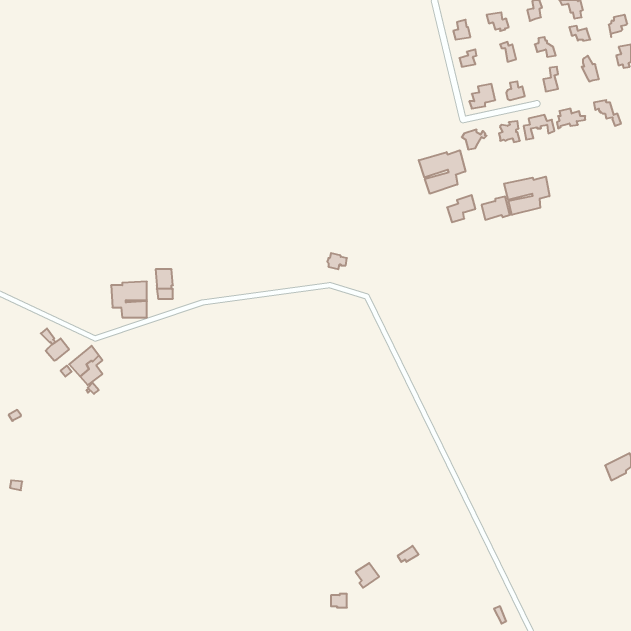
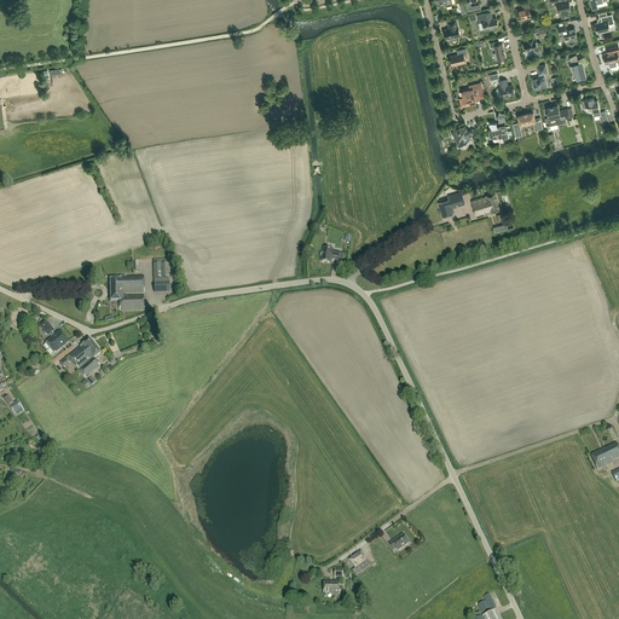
building: [419,150,465,194] -> none
building: [504,177,549,215] -> none

